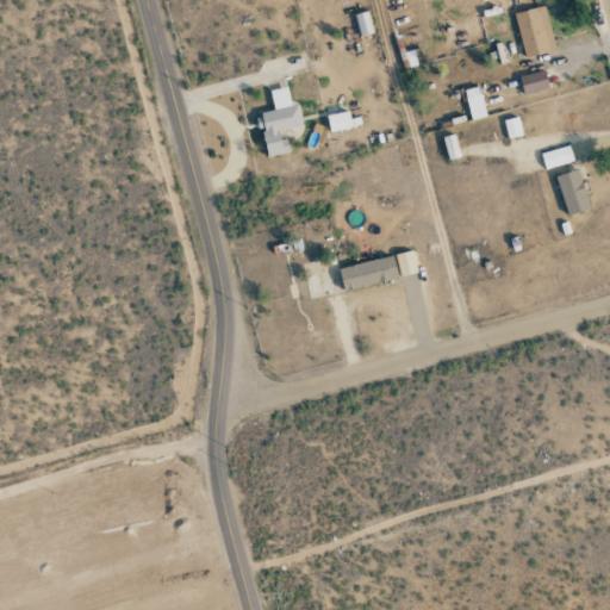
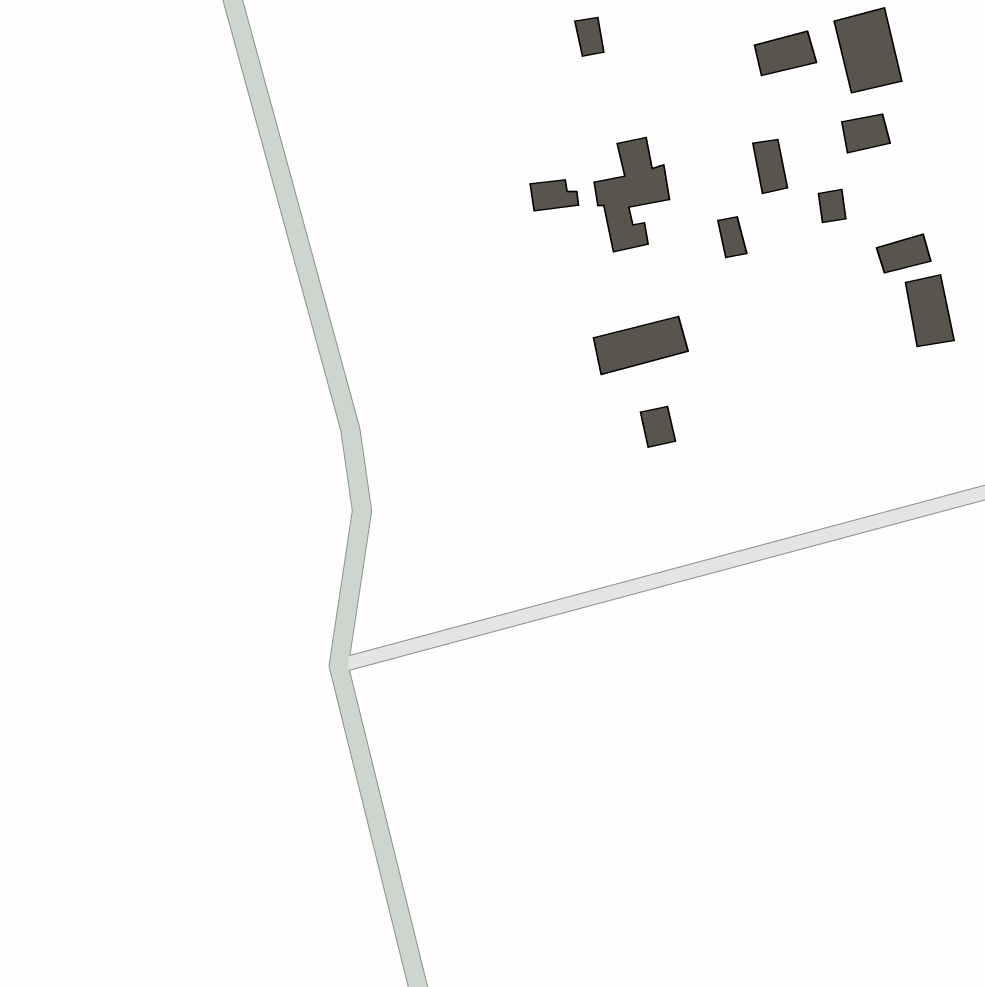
building: none -> [755,31,817,76]
building: [257,86,304,156] -> [594,138,669,252]
building: [341,255,399,291] -> [593,316,688,374]

